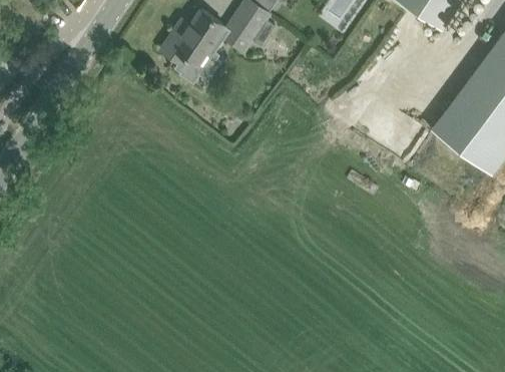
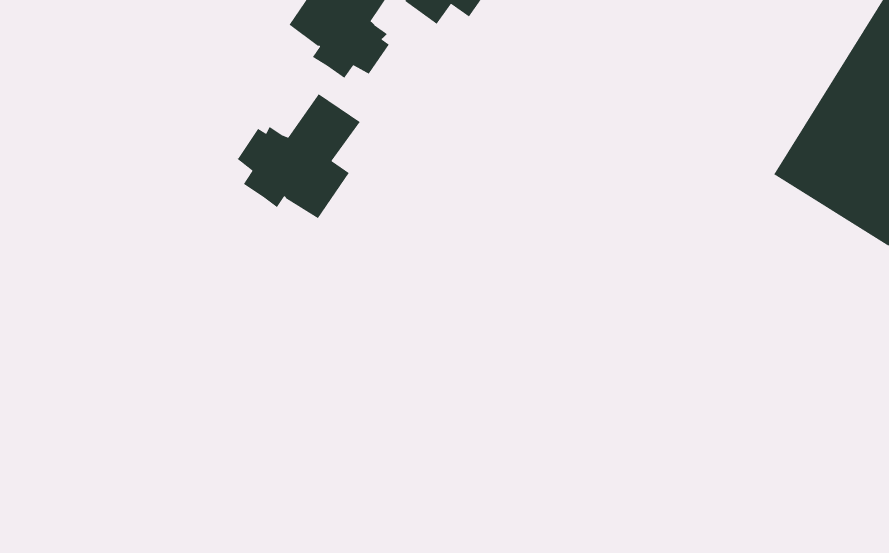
building: none -> [236,93,361,219]

